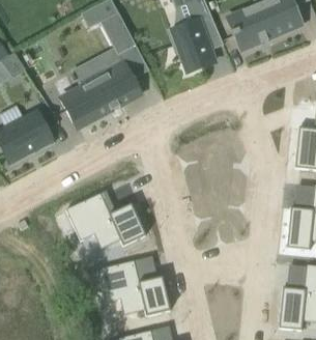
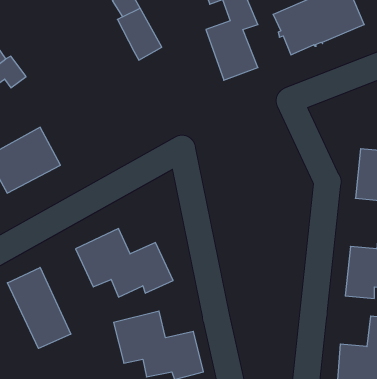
building: [61,59,139,128] -> none
building: none -> [7,267,71,348]

